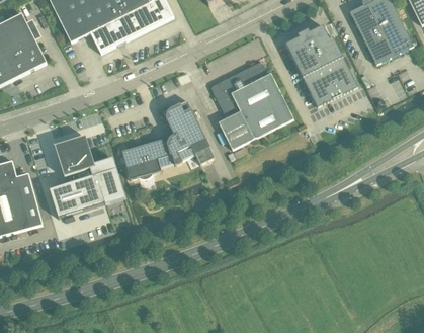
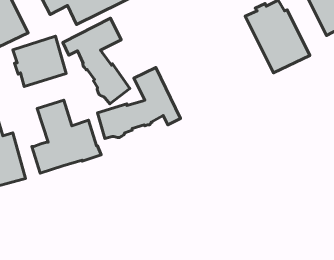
building: none -> [63,18,130,104]
building: [210,60,293,149] -> none
building: none -> [13,36,66,86]

